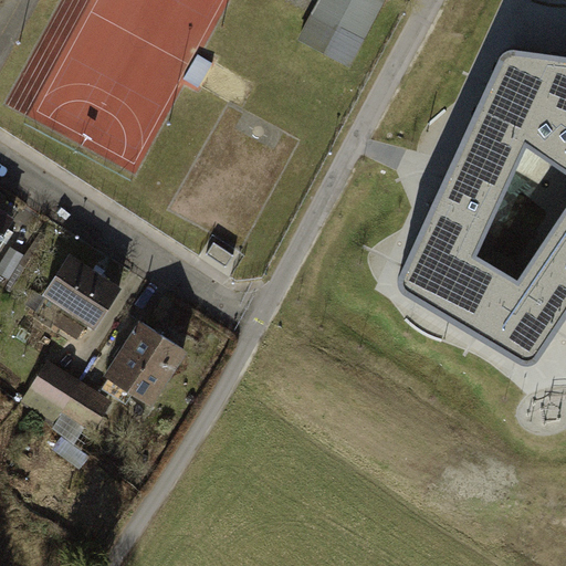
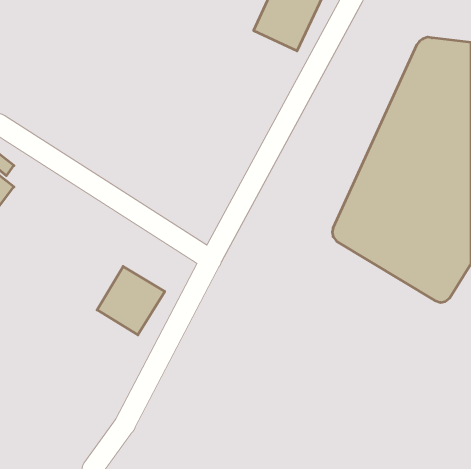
building: [49,259,120,324] -> none
building: [22,360,113,443] -> none

